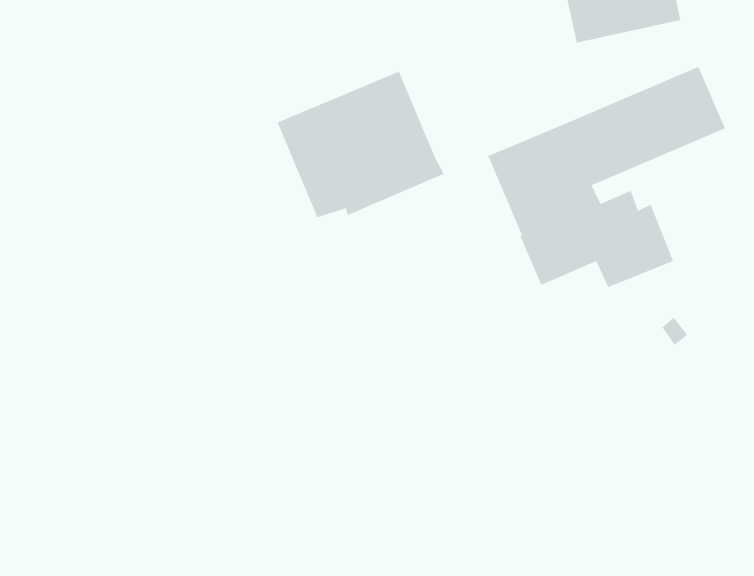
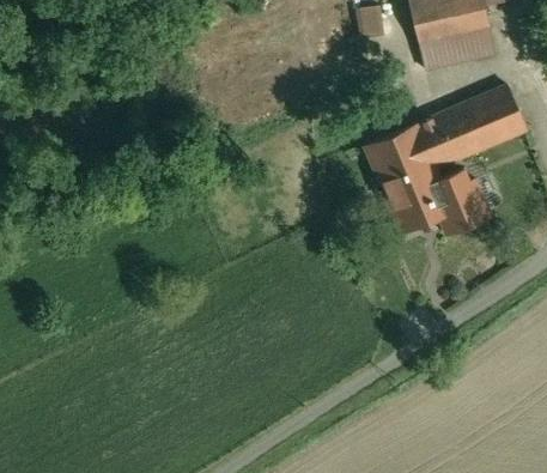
building: [277,71,444,218] -> none

